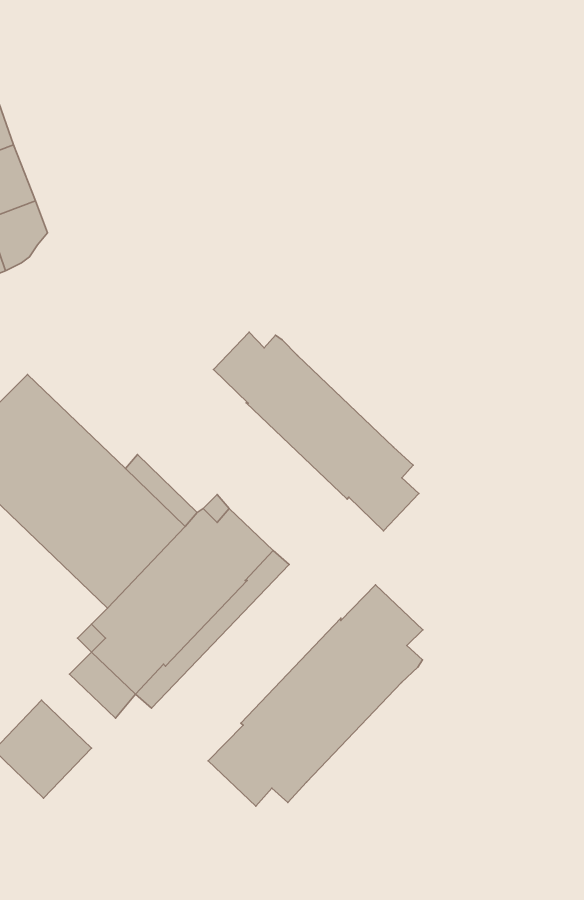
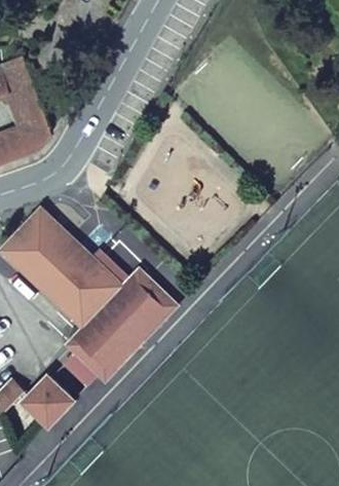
building: [214,332,419,531] -> none
building: [208,585,423,806] -> none

